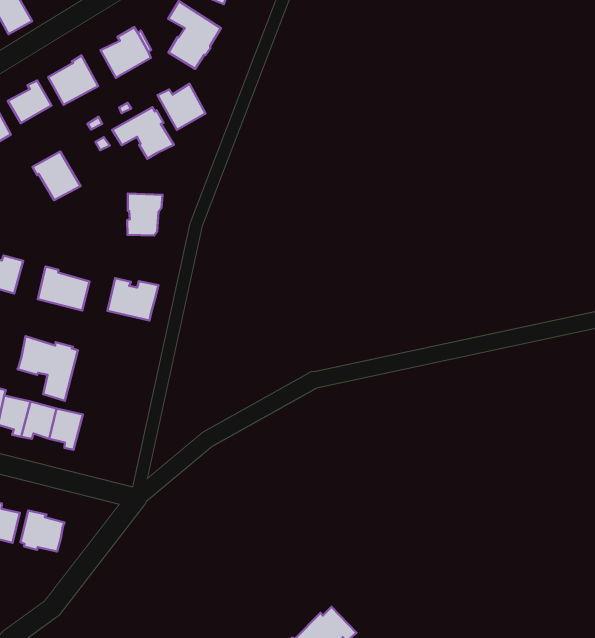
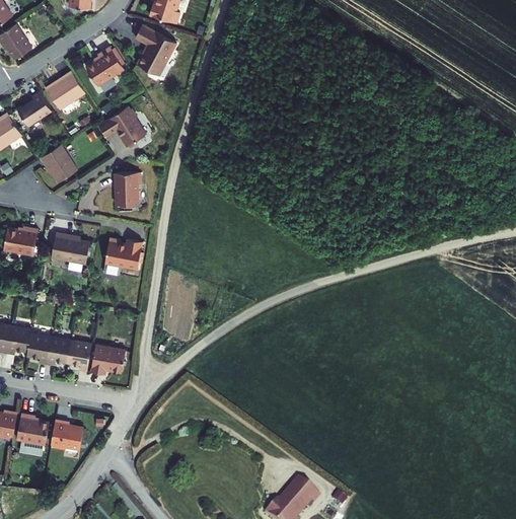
building: [158,84,205,130] -> none
building: [18,336,78,401] -> none
building: none -> [90,345,125,374]

